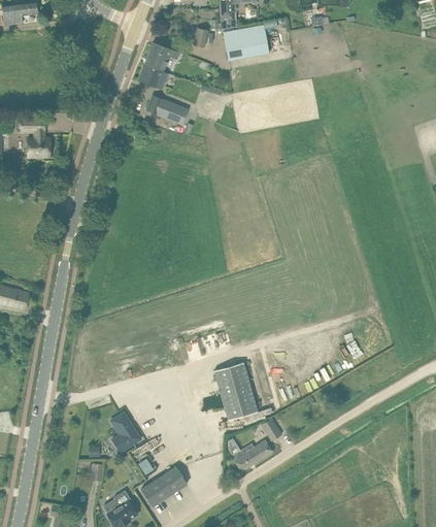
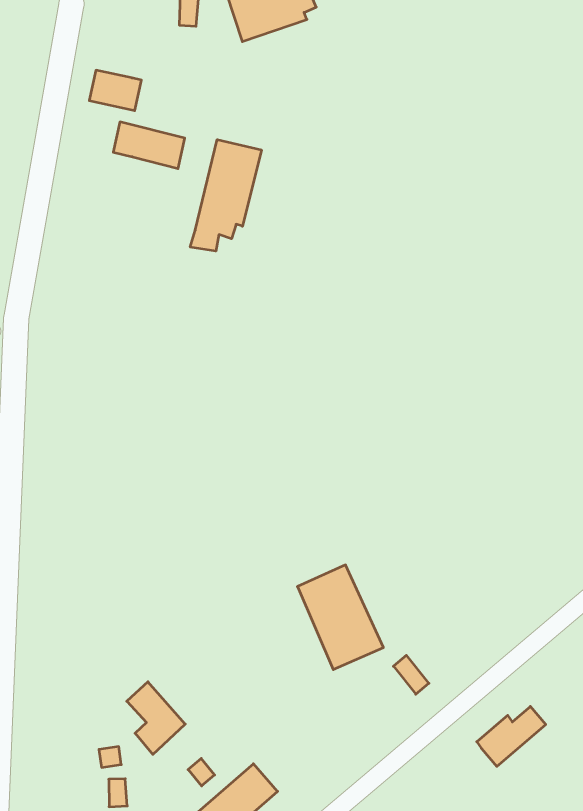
building: [143,41,179,71] -> none
building: none -> [190,140,261,251]
building: [232,440,272,471] -> [477,706,546,766]

